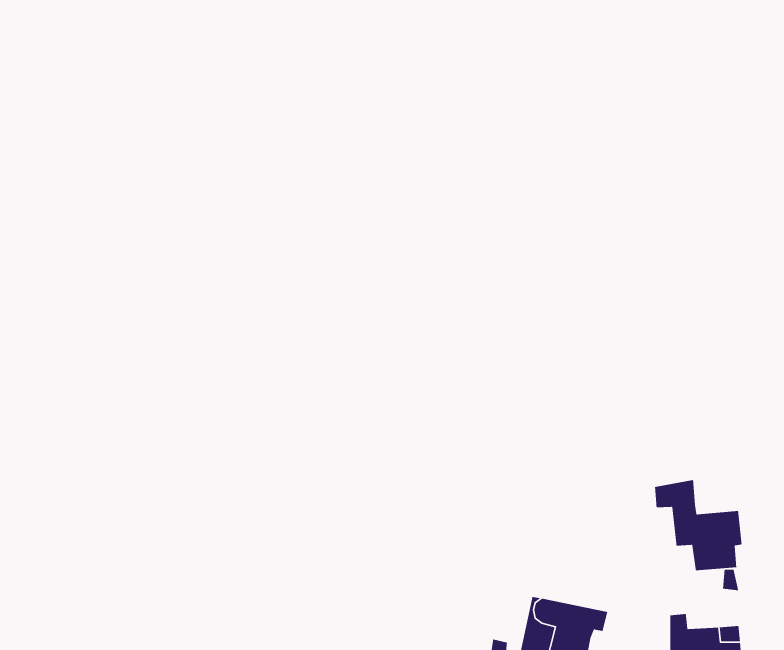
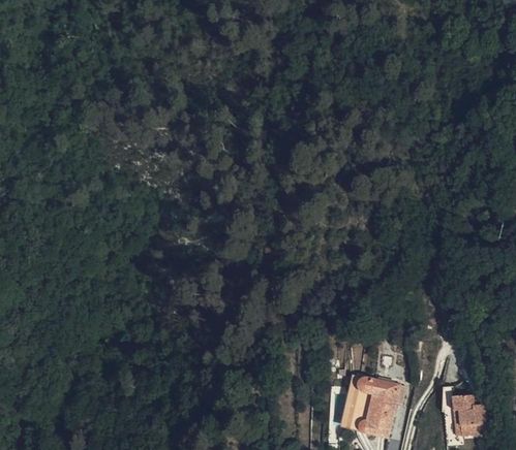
building: [654,479,742,571] -> none

